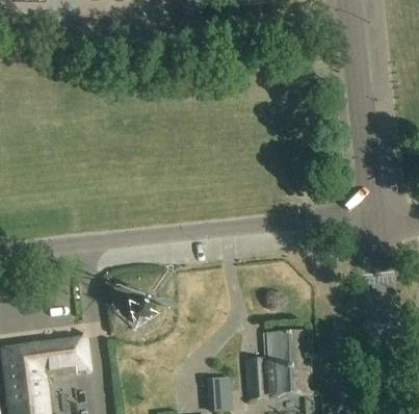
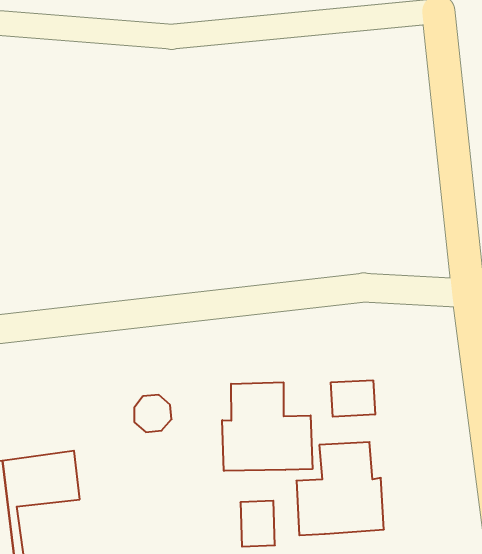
building: none -> [331,380,375,417]
building: none -> [222,382,312,471]

